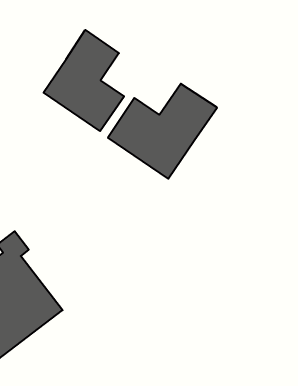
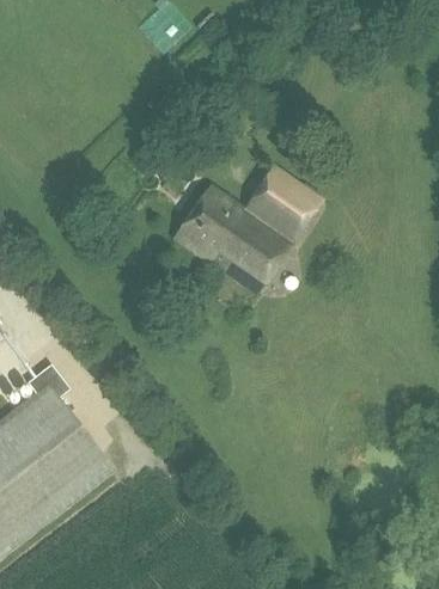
building: [44,30,124,131] -> none

